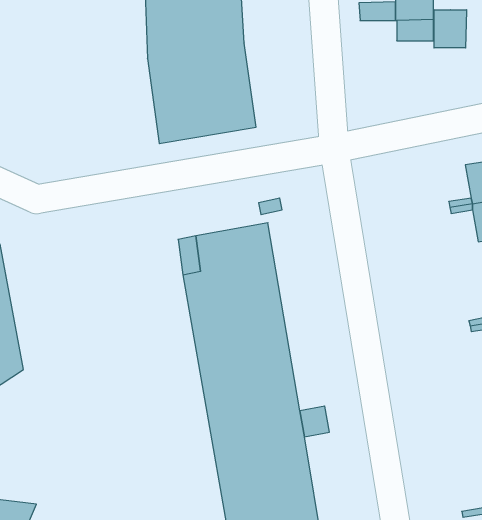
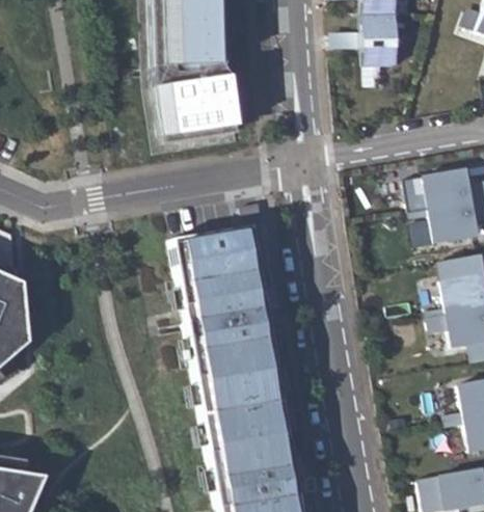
building: [434,10,467,48] -> none

